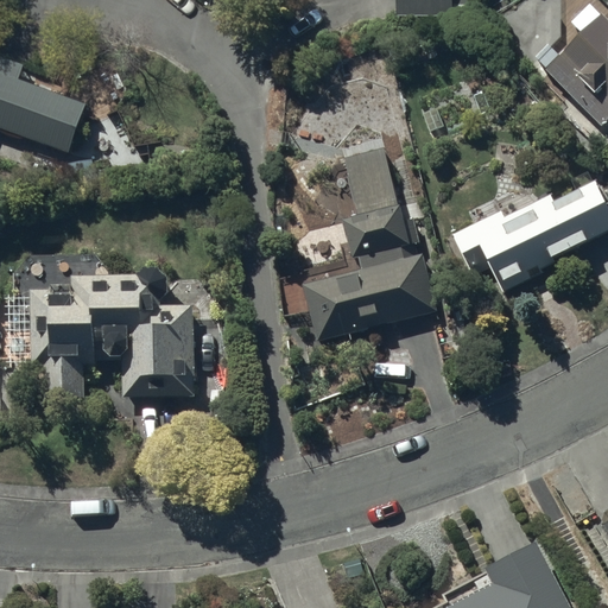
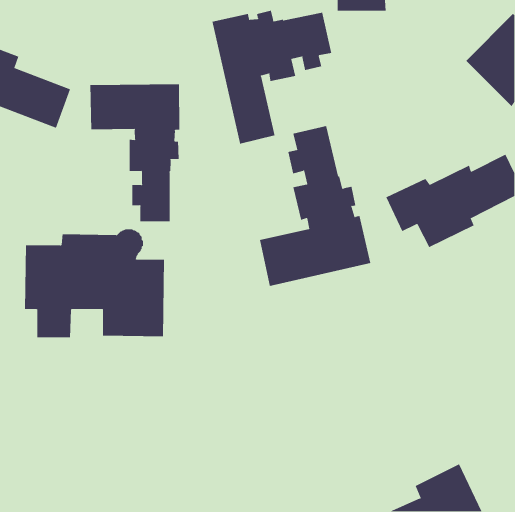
building: none -> [212,10,332,145]
building: none -> [90,83,180,222]

